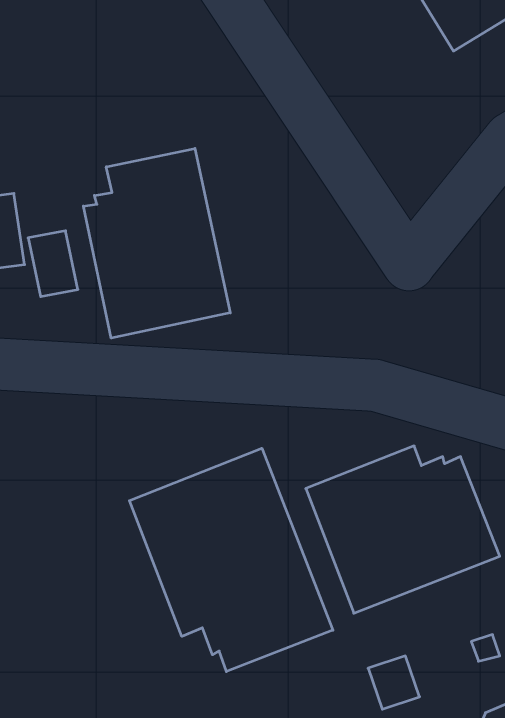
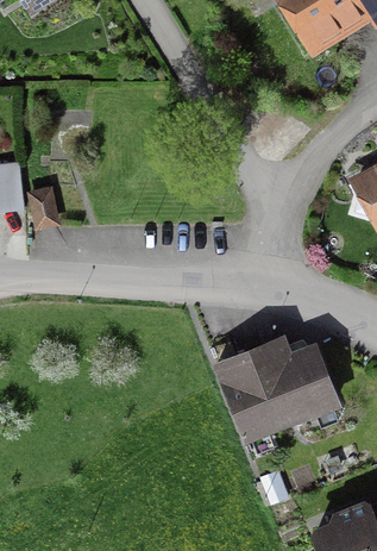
building: [83,148,230,338] -> none
building: [129,448,333,672] -> none

